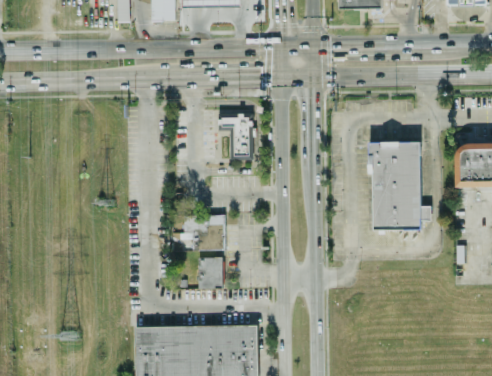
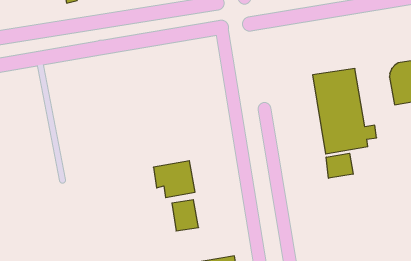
building: [218,113,252,155] -> none
building: none -> [326,153,353,178]

